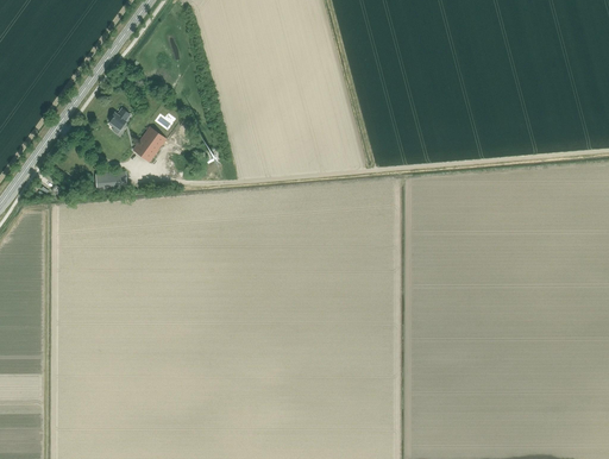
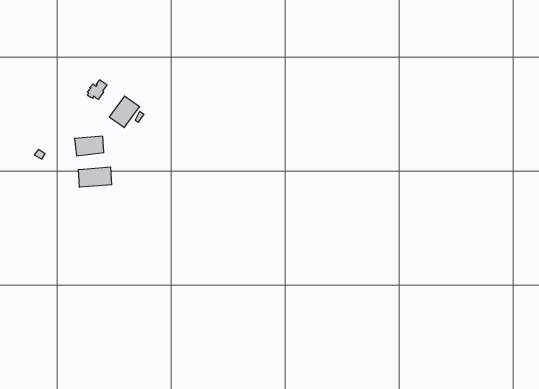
building: none -> [79,167,112,187]

